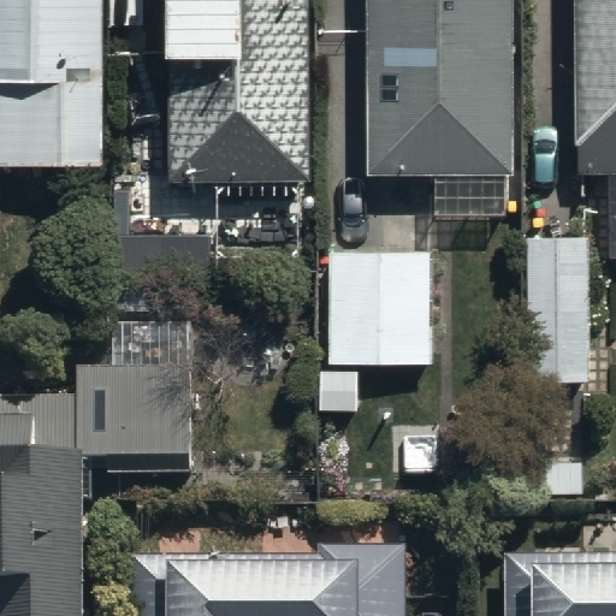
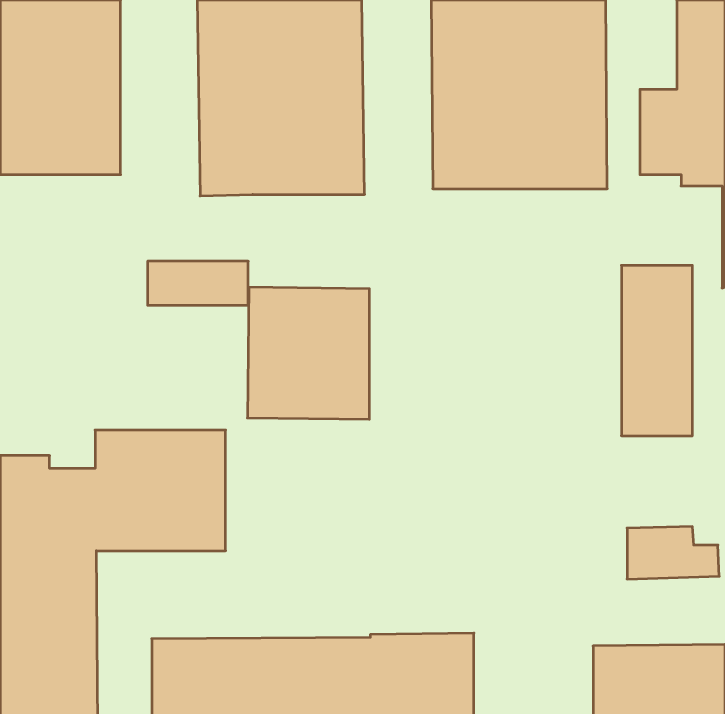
building: [328,247,432,359] -> [247,287,369,419]

